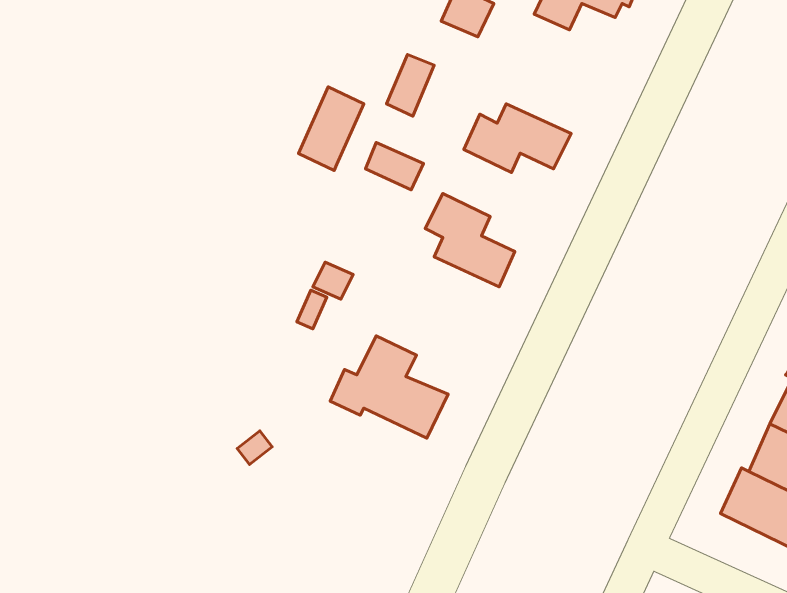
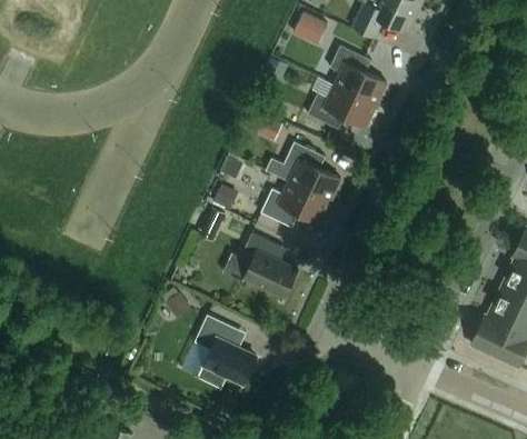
building: none -> [330,46,386,104]
building: [299,87,364,170] -> none
building: none -> [261,182,330,227]
building: none -> [195,316,257,390]

